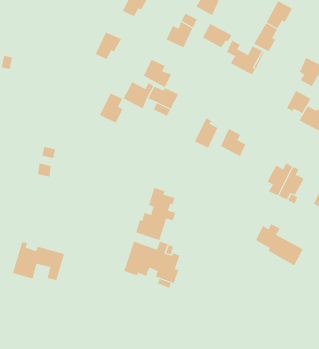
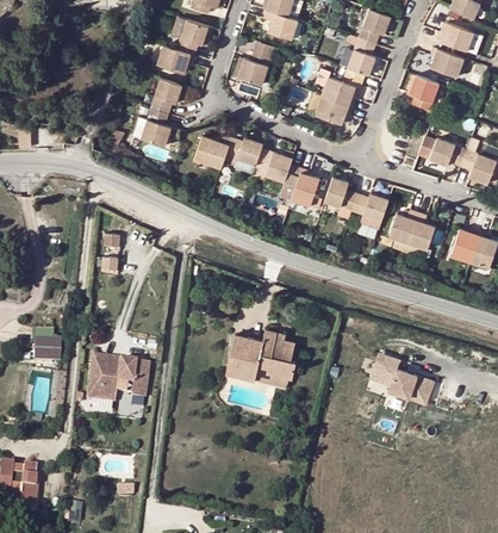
building: none -> [156,45,193,74]
building: [202,23,232,48] -> [313,97,350,125]
building: [143,59,172,88] -> [264,153,300,186]
building: [286,90,311,114] -> none
building: [99,93,123,123] -> [141,110,169,147]
building: none -> [350,193,387,221]
building: [135,187,176,241] -> none
building: [255,223,304,266] -> [371,355,432,404]

